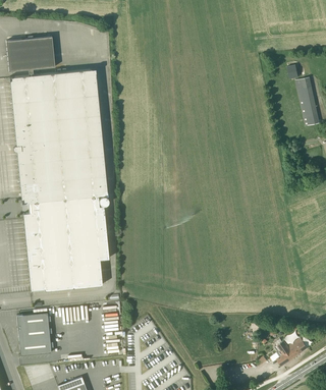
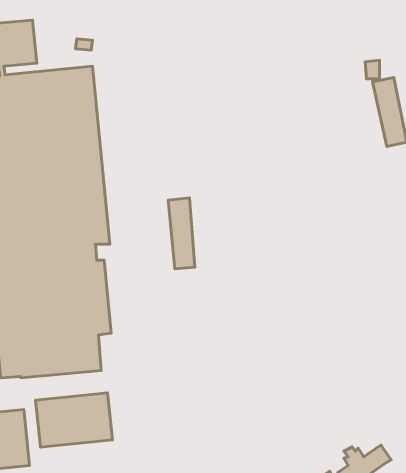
building: none -> [168,198,195,269]
building: none -> [36,393,112,447]

